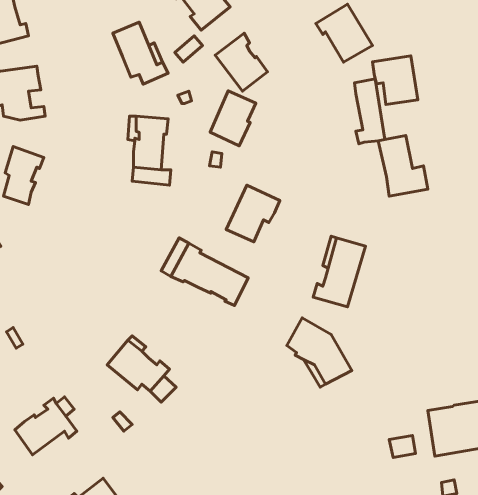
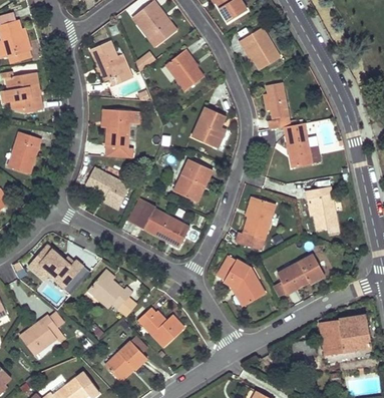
building: [372,56,418,105] -> none
building: [210,91,256,146] -> [193,107,226,147]
building: none -> [84,167,130,209]
building: none -> [306,186,338,235]
building: none -> [30,246,91,295]
building: none -> [277,255,325,294]
building: none -> [138,309,184,347]
building: none -> [105,336,148,379]

